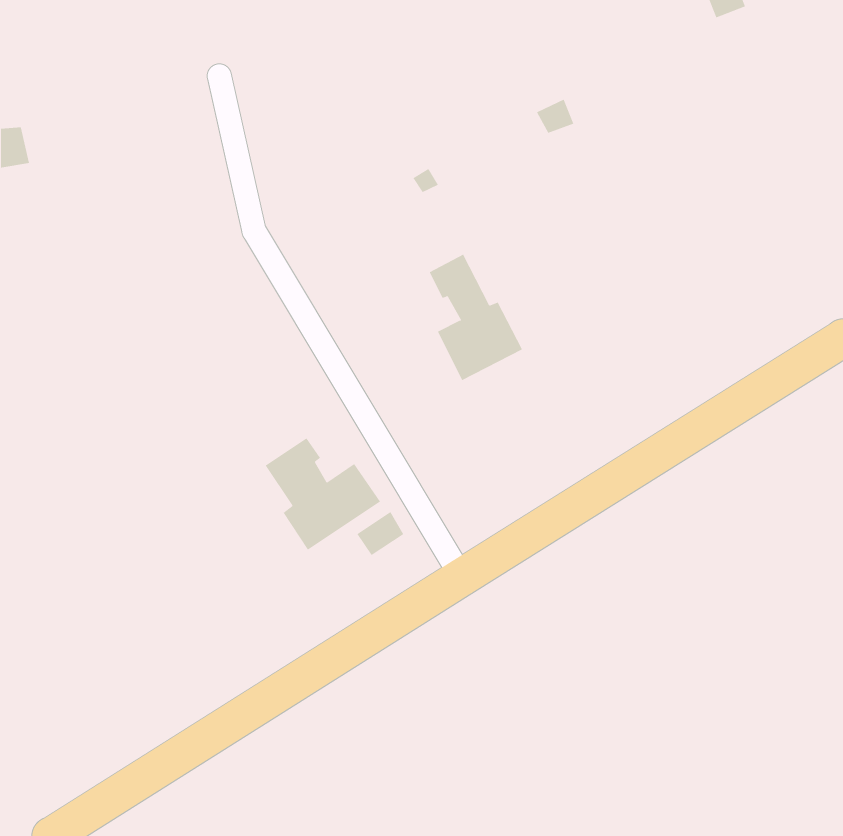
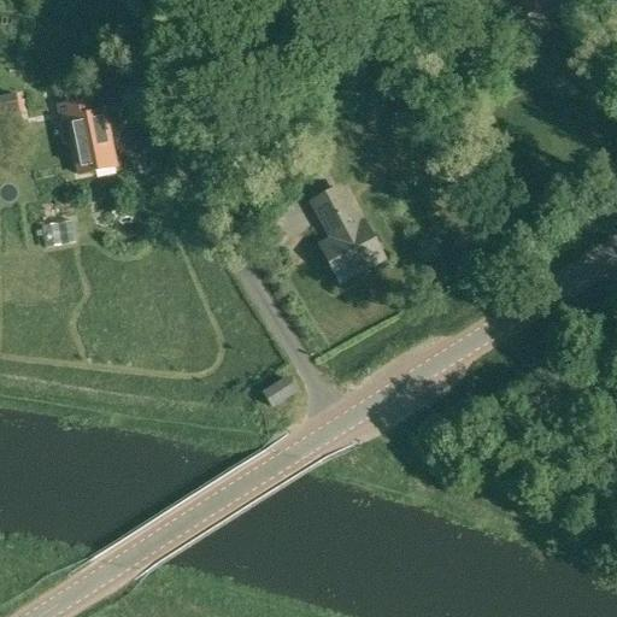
building: none -> [59,95,116,170]
building: [265,438,381,550] -> none

